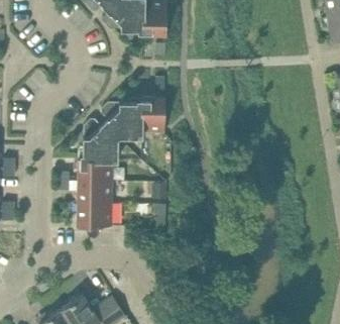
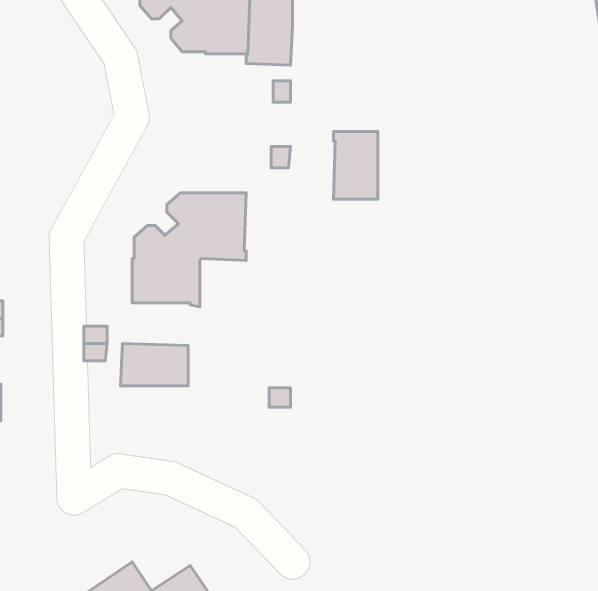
building: [141,97,164,132] -> [333,131,378,199]
building: [78,157,113,182] -> none
building: [77,203,112,226] -> none

